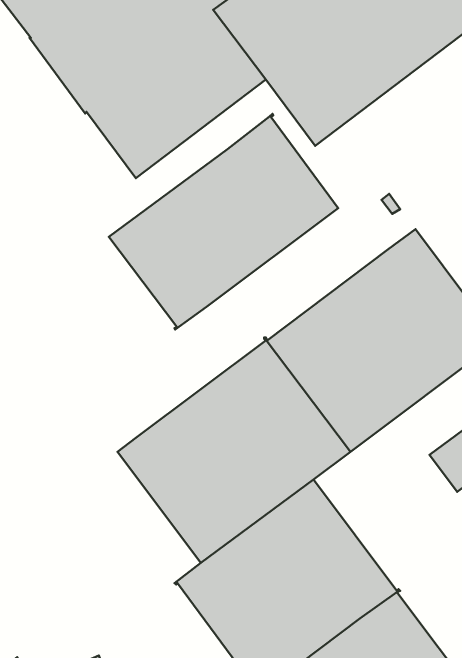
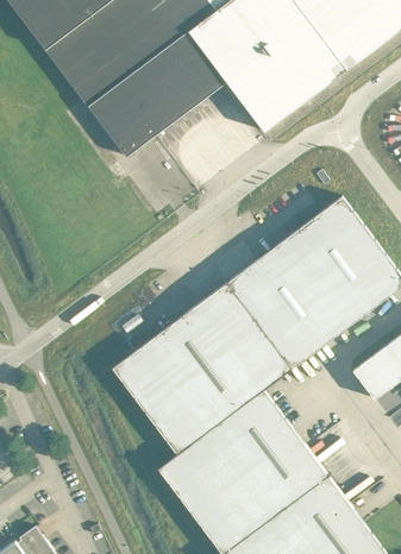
building: [109,114,338,330] -> none

